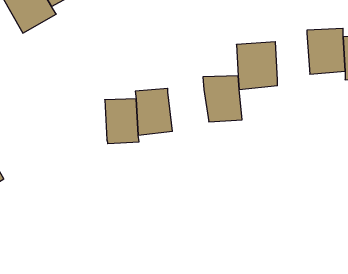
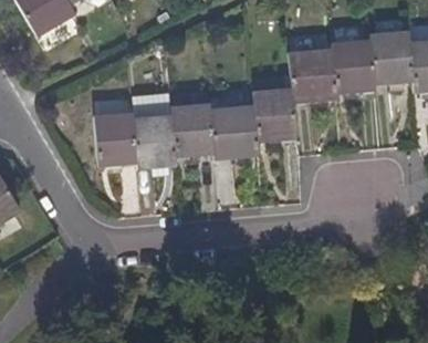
building: none -> [333,39,374,93]
building: none -> [209,104,258,158]
building: none -> [95,112,138,166]

